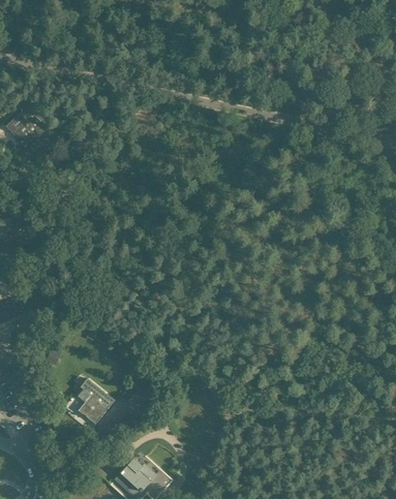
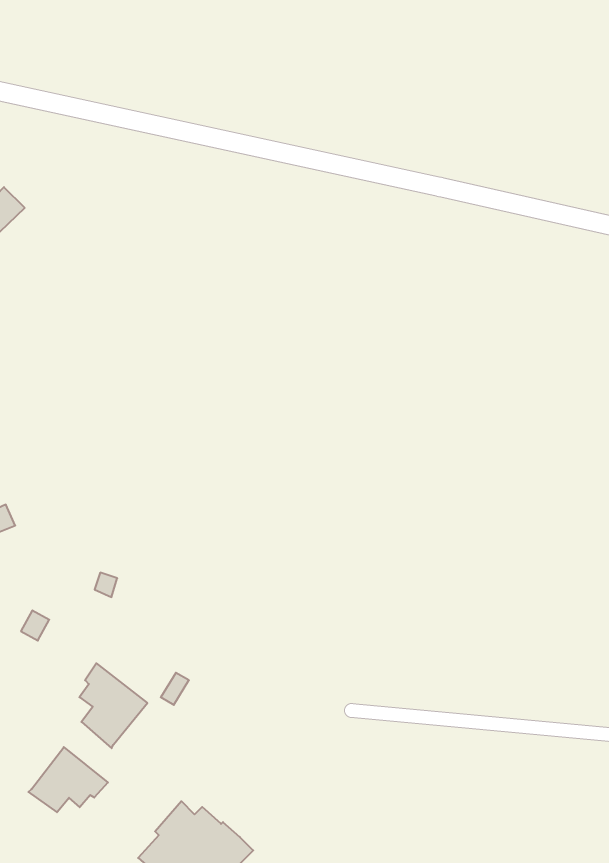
building: none -> [28,747,108,812]

